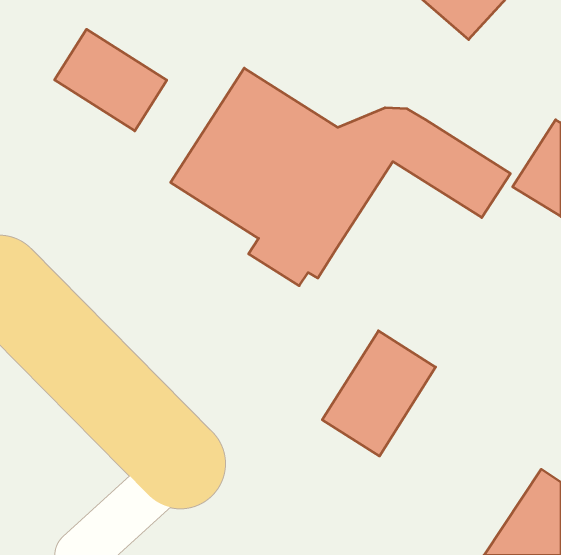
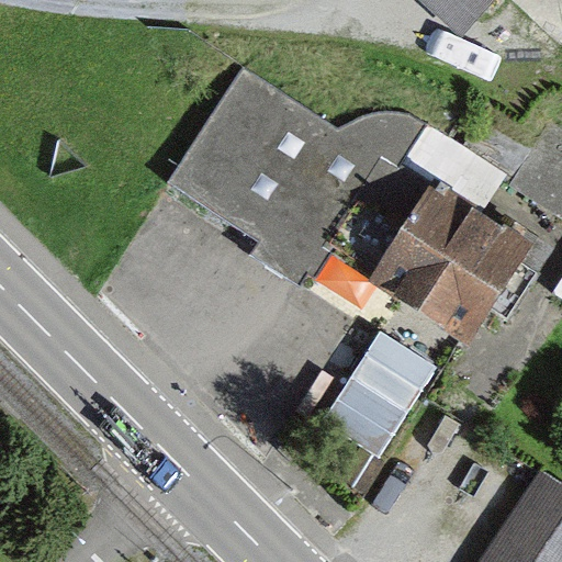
building: [55,29,167,131] -> none
building: none -> [336,161,531,348]

